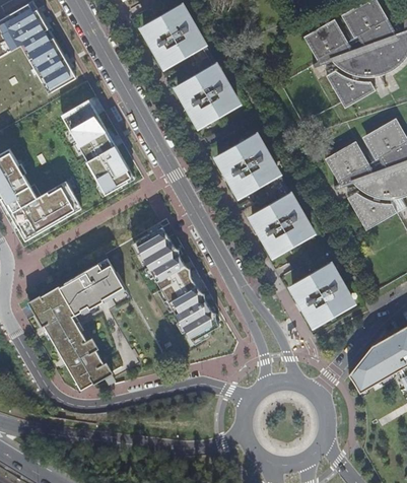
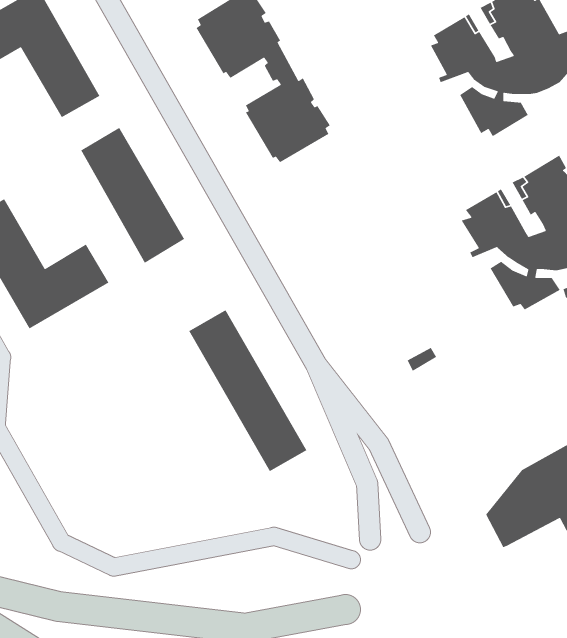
building: [217,135,312,256] -> none
building: [30,258,125,390] -> none
building: [292,263,351,326] -> none

